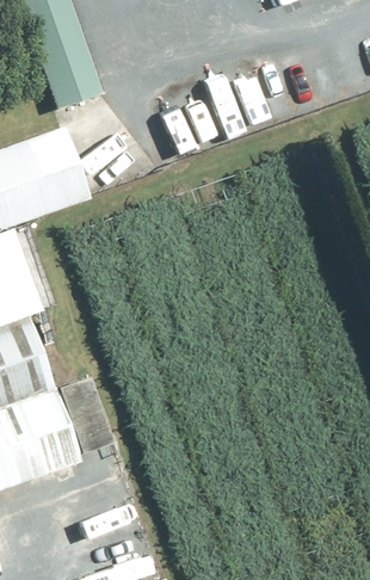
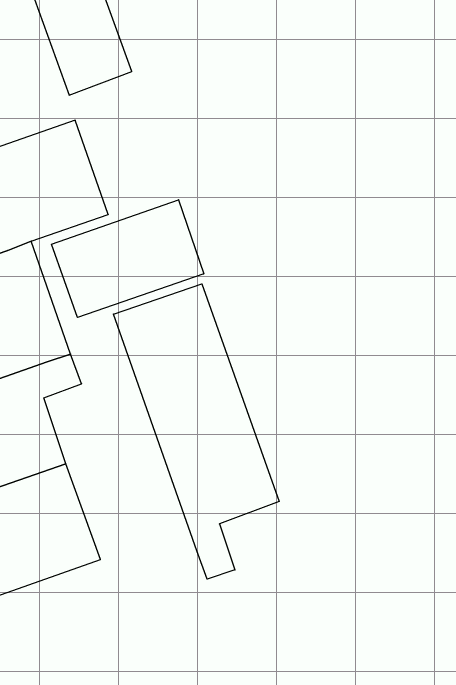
building: none -> [51,200,204,317]
building: none -> [113,284,279,579]

